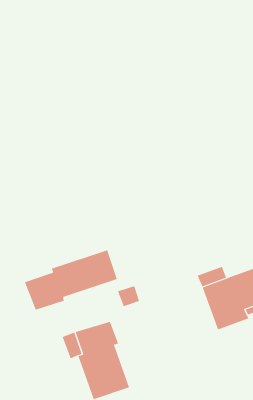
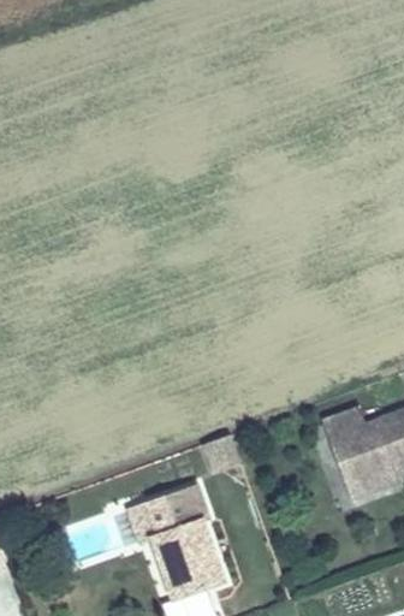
building: [24,249,118,311] -> none

